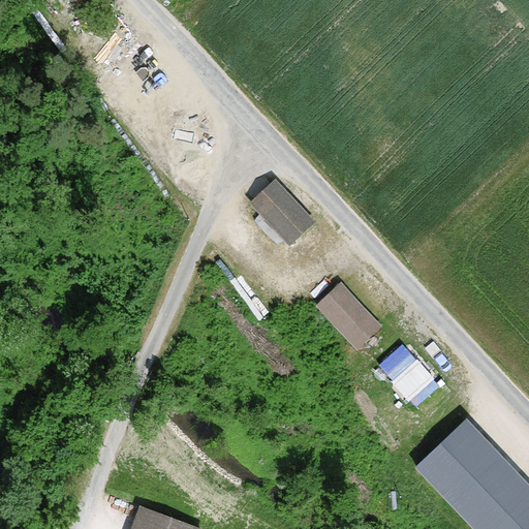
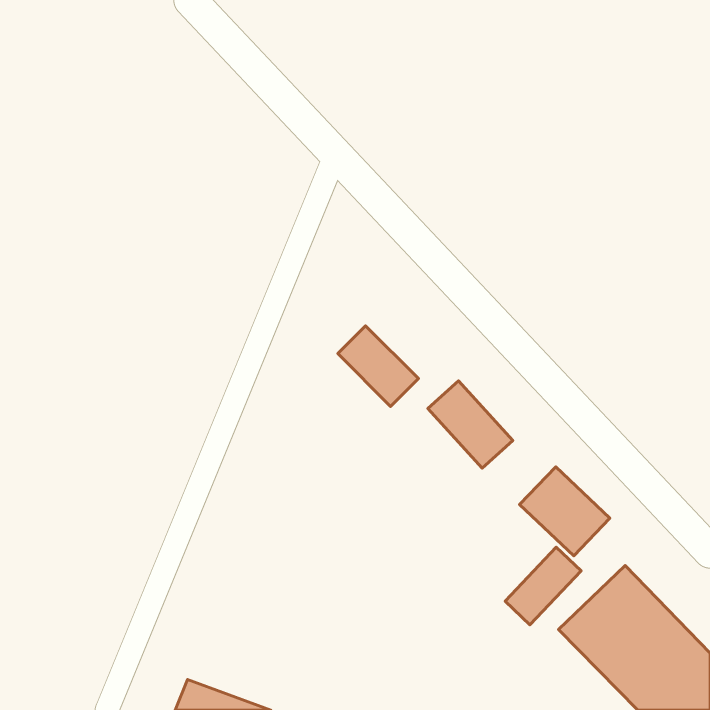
building: [252,182,312,242] -> [338,326,418,406]
building: none -> [505,547,581,625]

